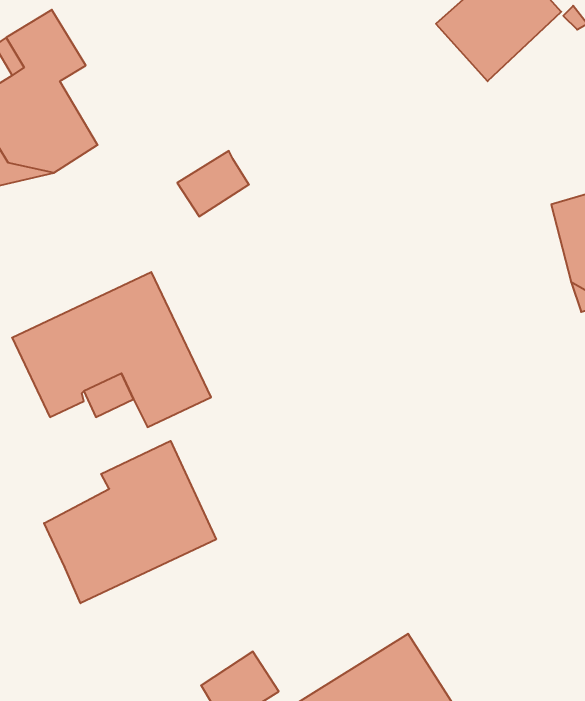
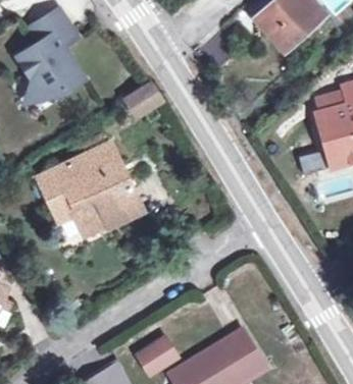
building: [44,441,216,603] -> none

